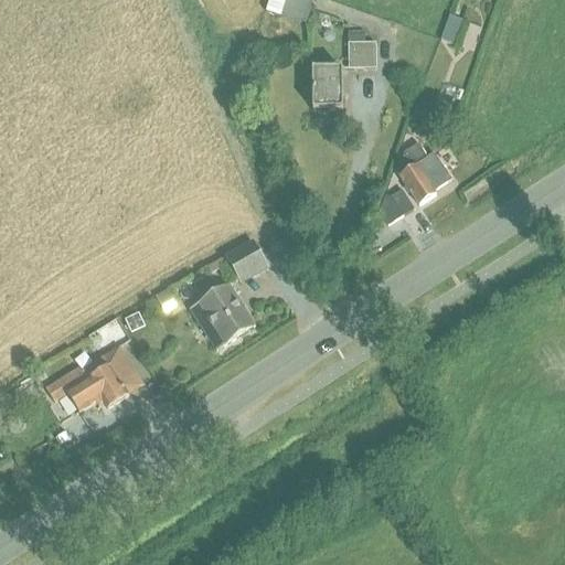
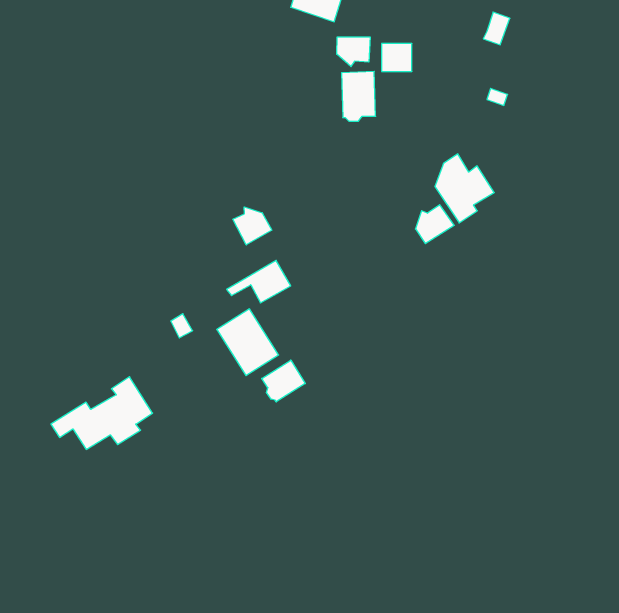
building: none -> [337,37,370,67]
building: none -> [233,207,272,245]
building: none -> [262,360,305,402]

